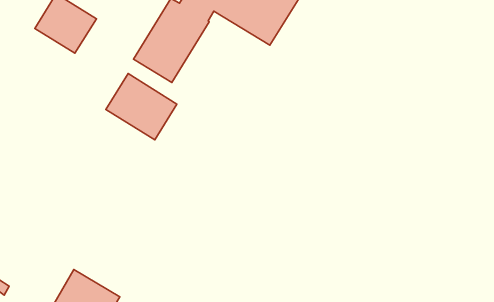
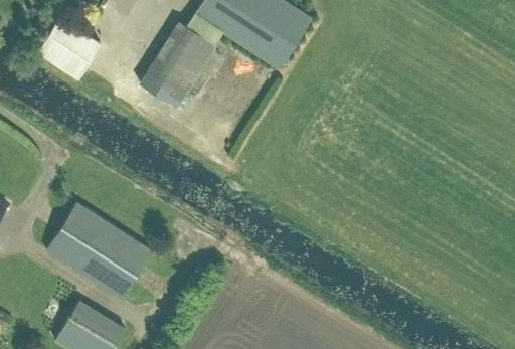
building: [106,73,177,140] -> none
building: none -> [46,203,153,301]

